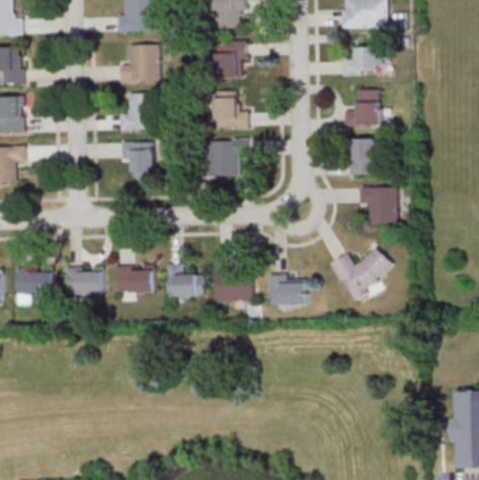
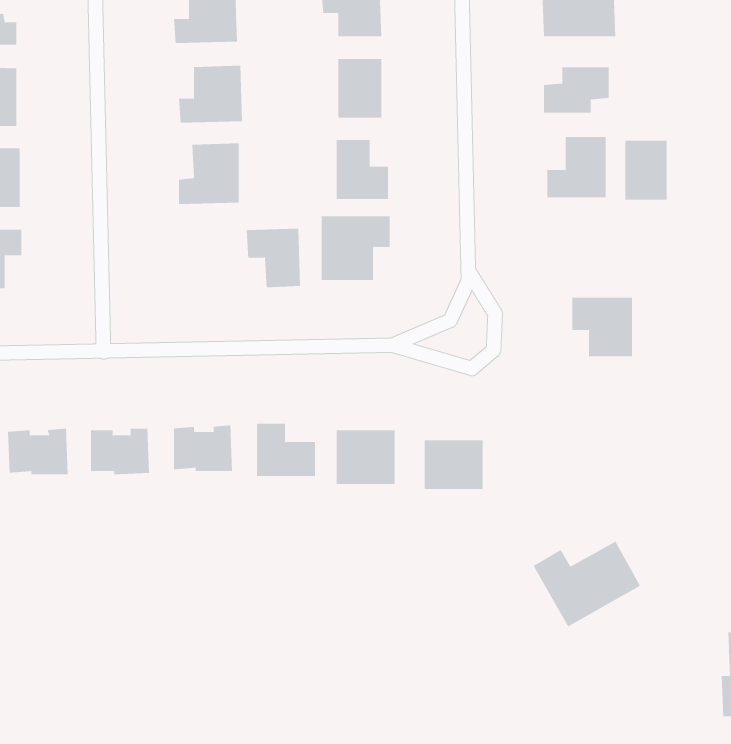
building: [349,139,376,175] -> [624,140,668,200]
building: [119,142,153,178] -> [246,228,301,288]
building: [329,247,395,300] -> [533,541,641,627]

